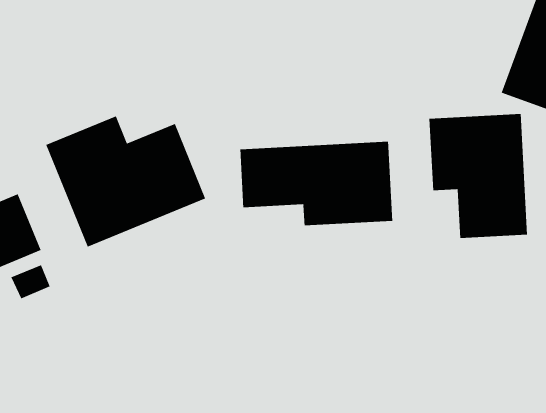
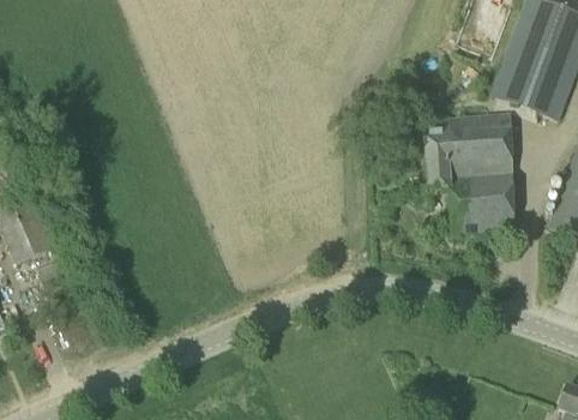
building: [46,116,206,247] -> none
building: [240,141,393,226] -> none

